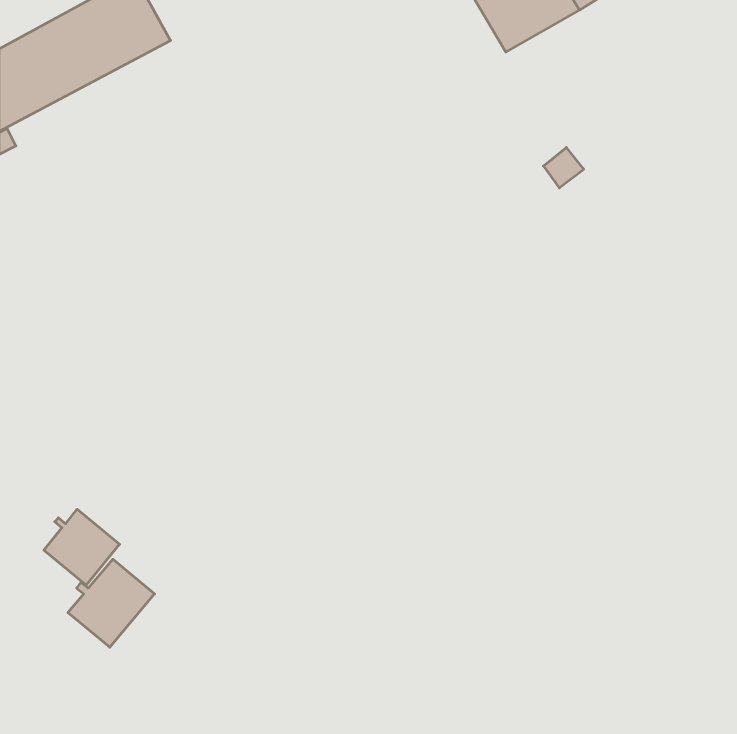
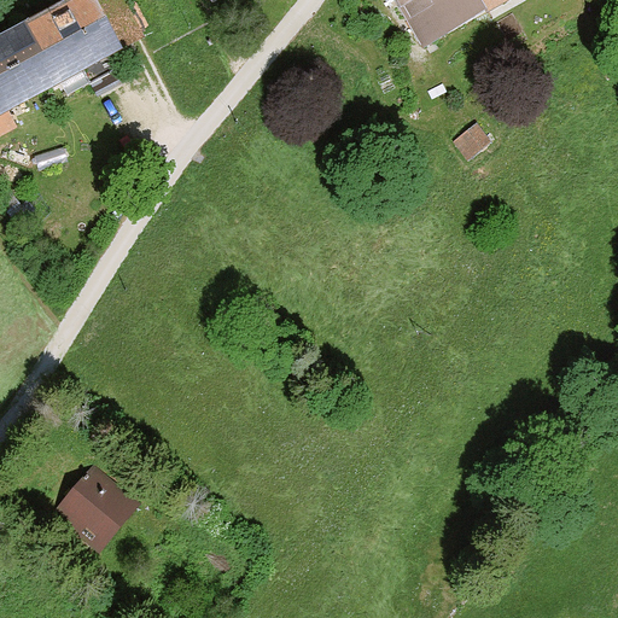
building: [44,509,120,585] -> none

